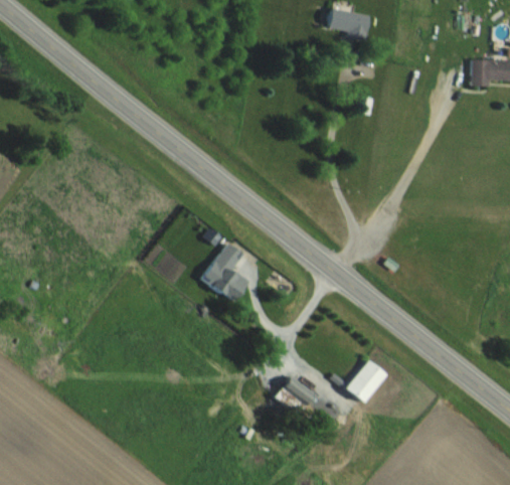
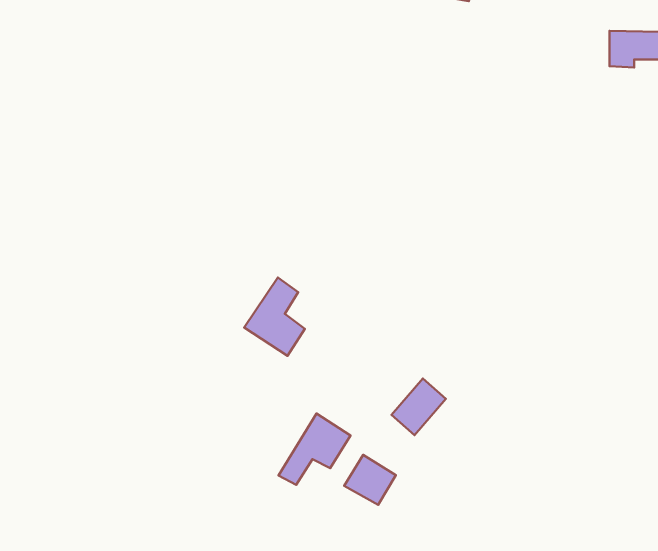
building: none -> [279,414,351,485]
building: [342,360,382,402] -> [392,378,446,435]

